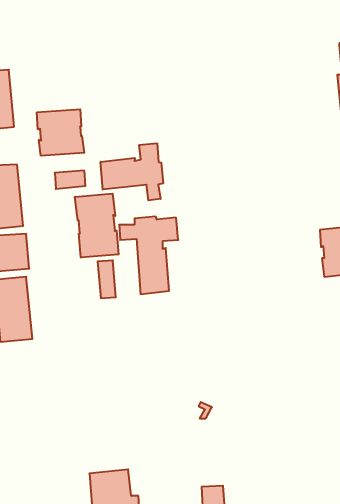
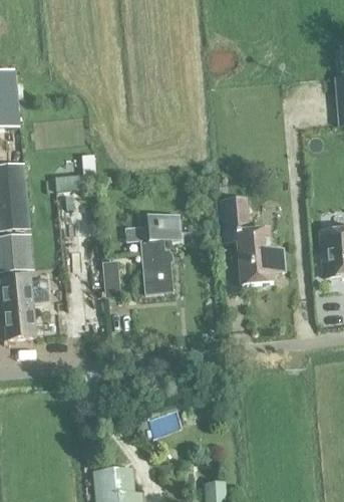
building: [37,109,84,156] -> none
building: [101,143,163,200] -> none
building: [75,194,119,258] -> none
building: none -> [219,198,284,282]

